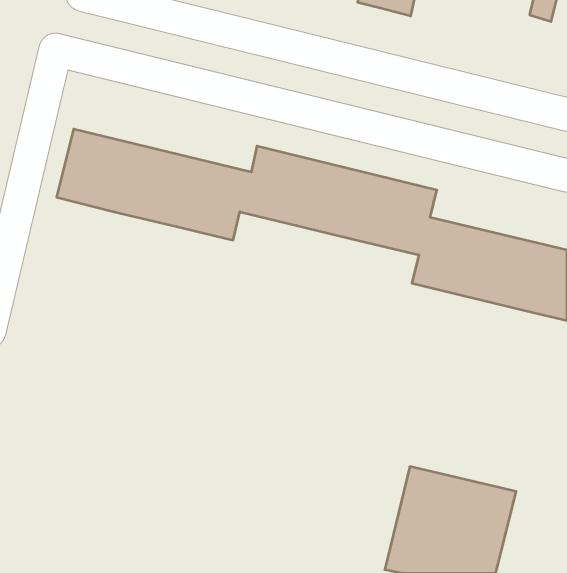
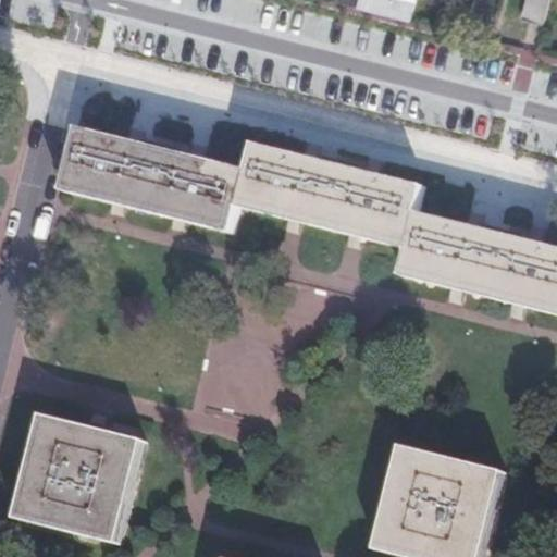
building: none -> [11,412,139,542]

